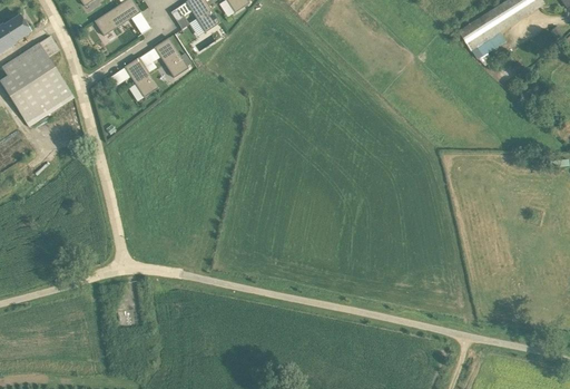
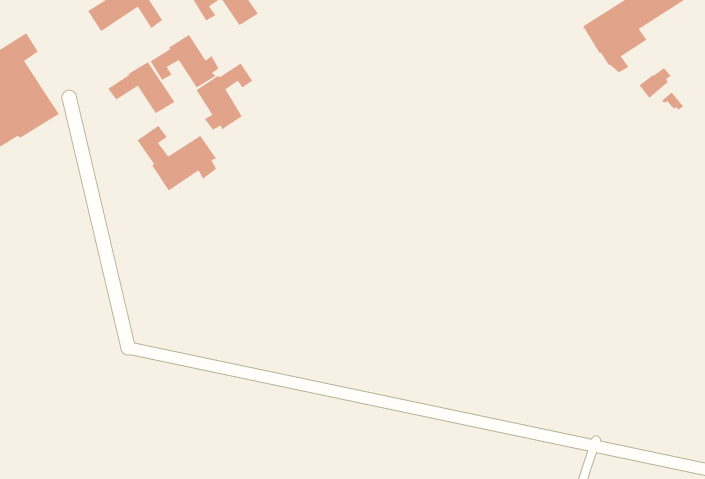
building: none -> [195,62,253,131]
building: none -> [136,125,217,191]

